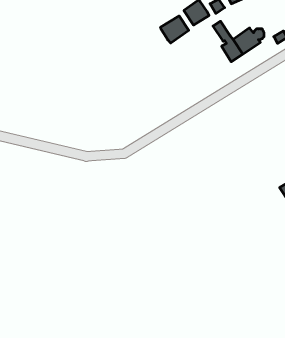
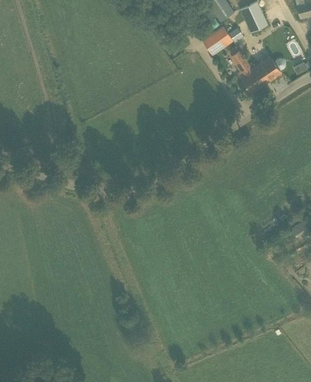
building: [161,16,189,43] -> none

